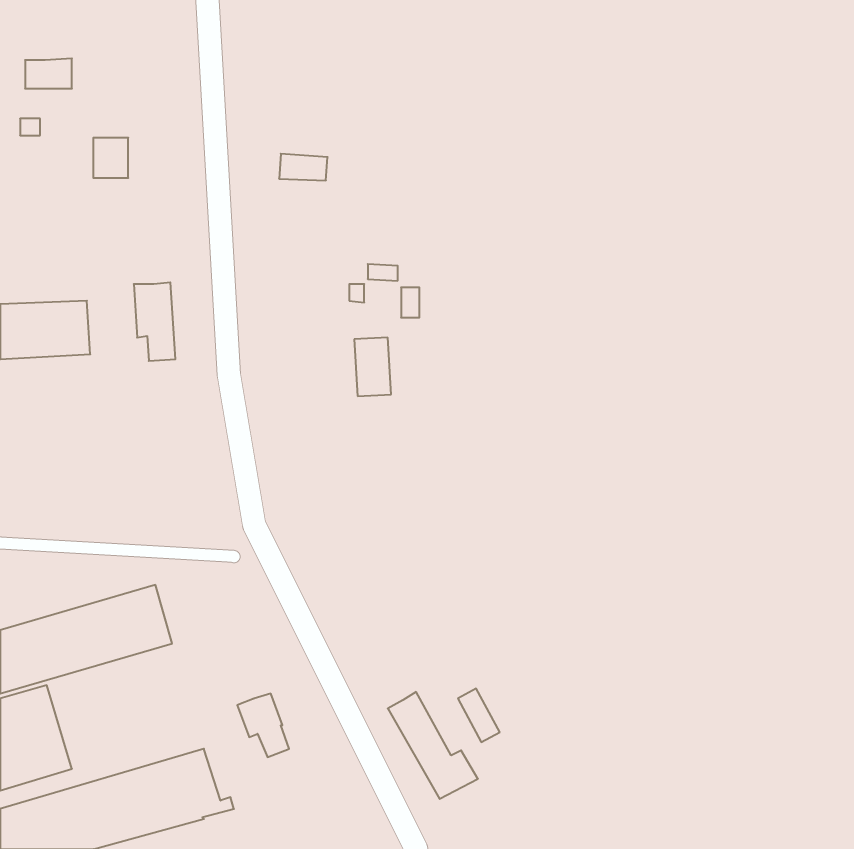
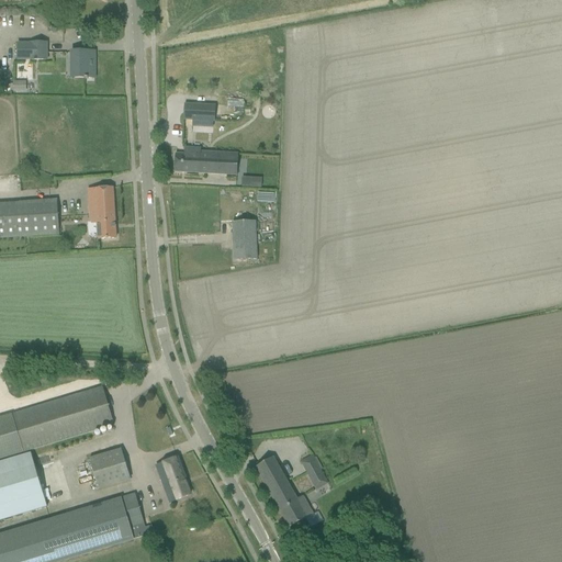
building: [93,138,128,178] -> [71,49,94,76]
building: none -> [175,145,238,172]
building: none -> [88,442,131,488]

